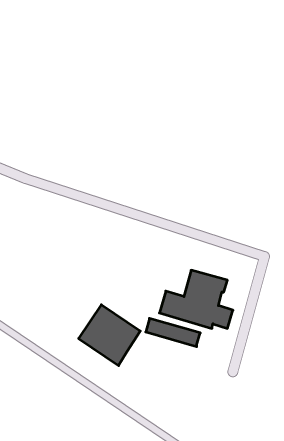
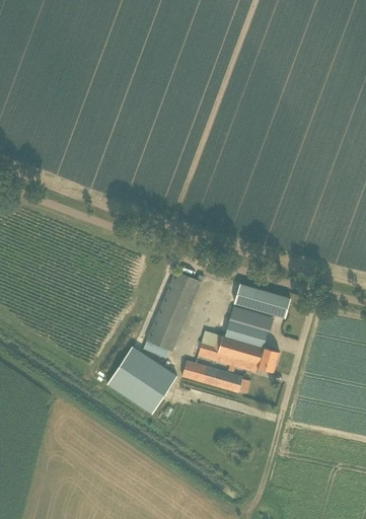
building: none -> [146,271,201,352]
building: none -> [233,284,290,317]

